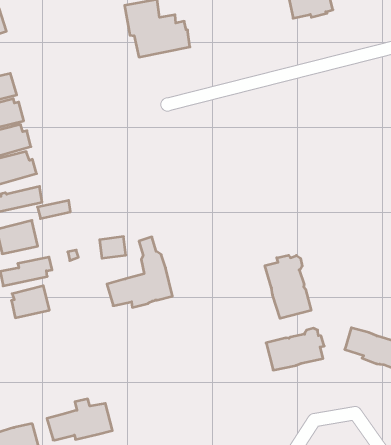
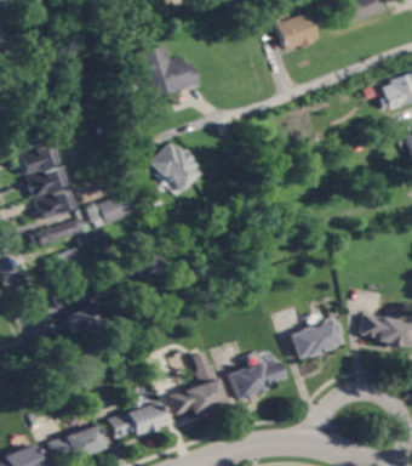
building: none -> [151,143,201,191]
building: none -> [99,191,142,223]
building: [107,237,172,307] -> [167,352,225,415]
building: [265,255,311,318] -> none
building: none -> [230,360,284,399]

